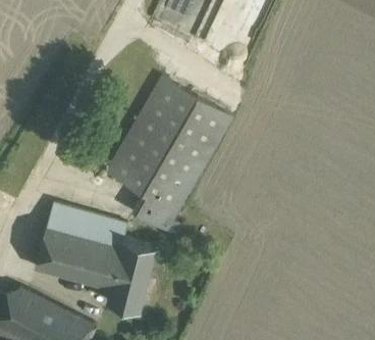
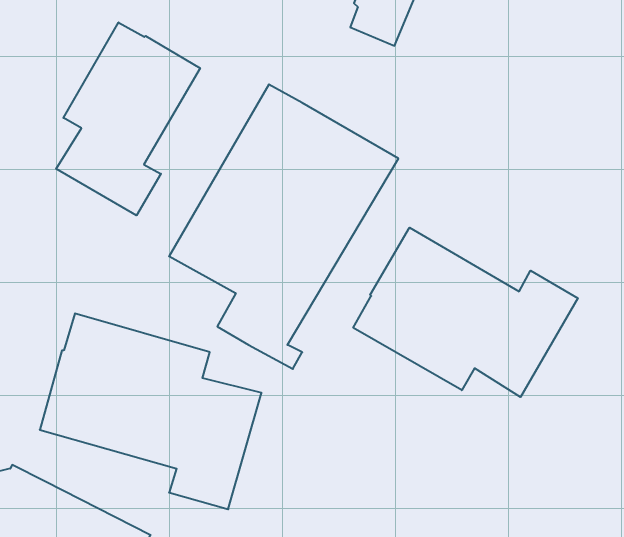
building: none -> [56,22,200,215]
building: none -> [353,228,578,397]

